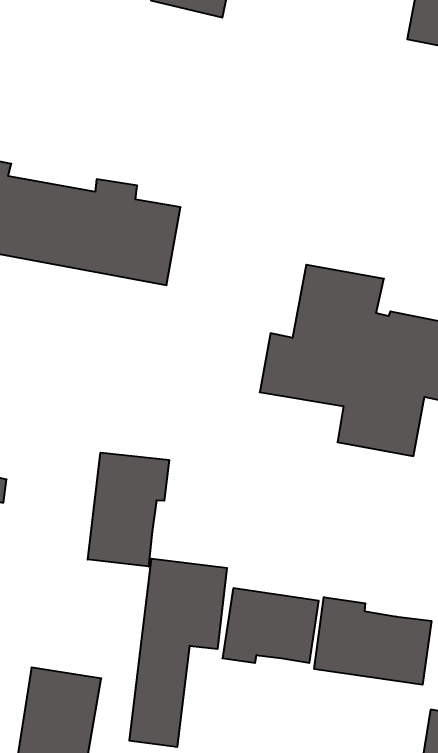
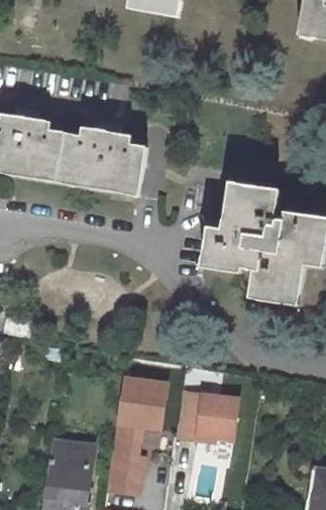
building: [88,453,169,567] -> none
building: [314,597,431,685] -> none

